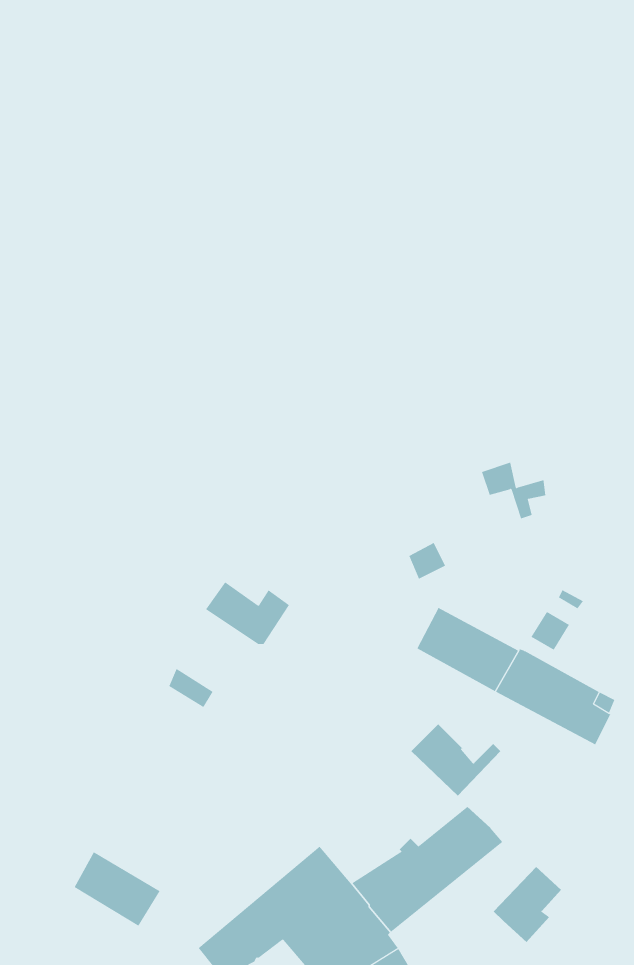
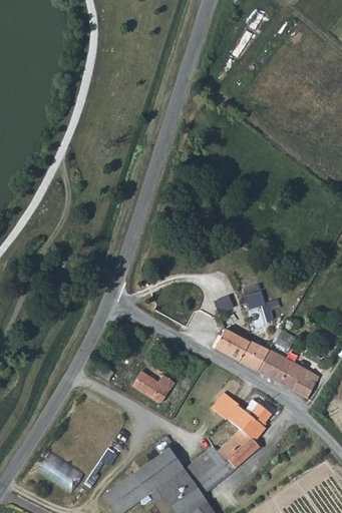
building: [481,462,546,519] -> [246,291,279,320]
building: [205,581,290,645] -> [130,370,174,402]
building: [493,866,562,943] -> [237,401,272,440]

